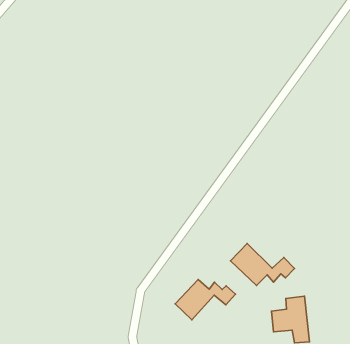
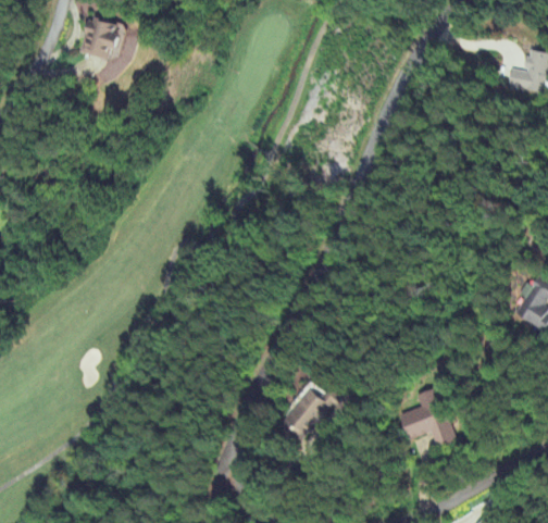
building: [230,243,295,286] -> none

